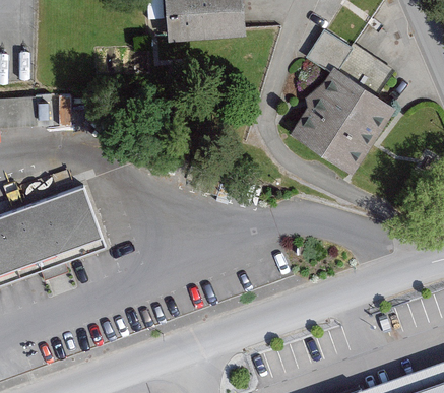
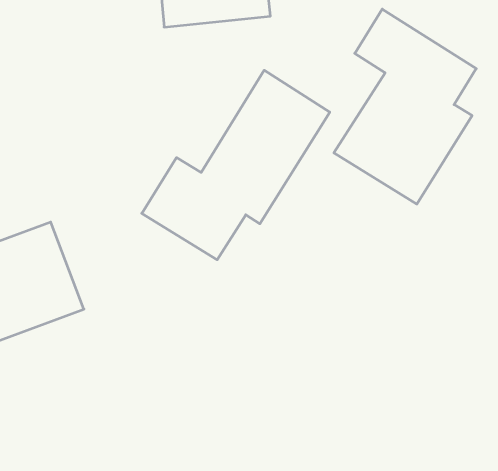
building: none -> [142,70,330,260]

